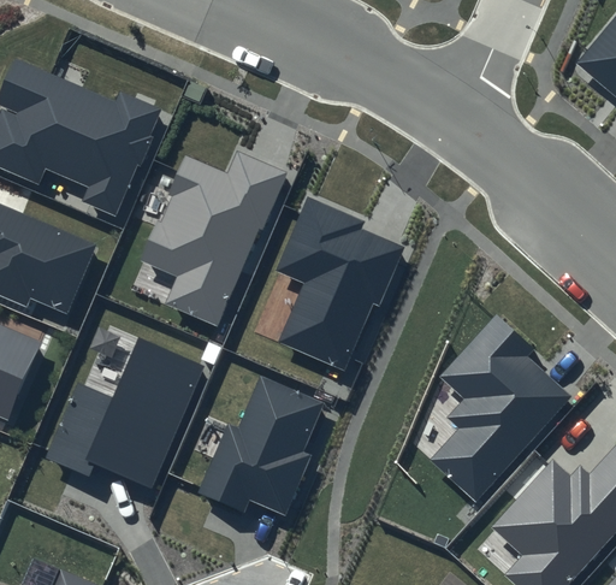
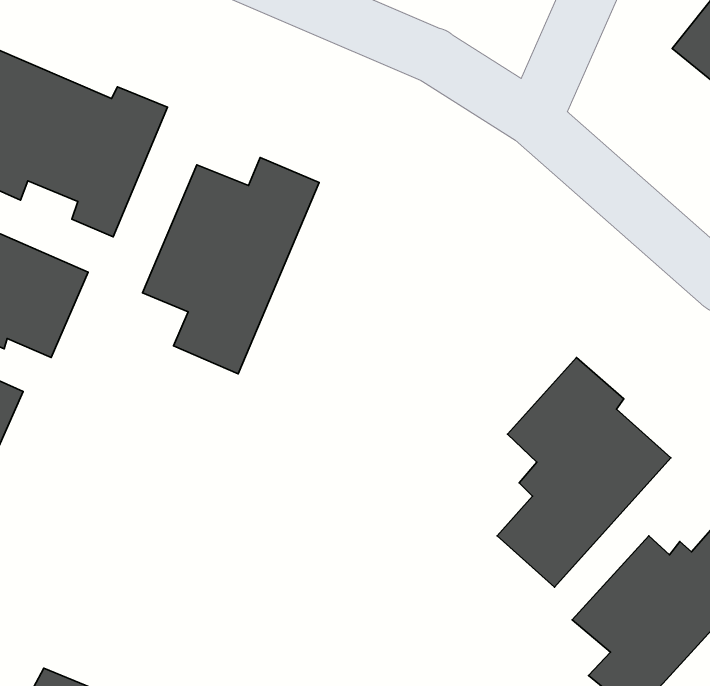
building: [276,197,404,371] -> none
building: [46,338,203,488] -> none
building: [199,376,324,514] -> none

